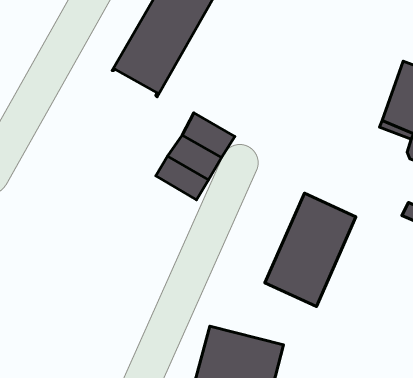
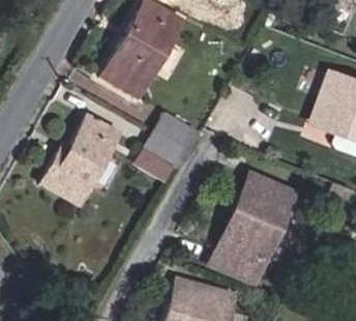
building: none -> [40,112,119,203]
building: none -> [211,244,261,283]

